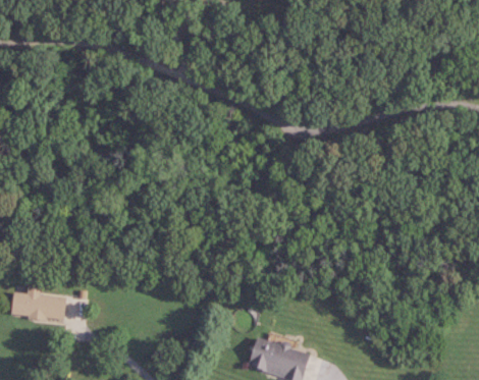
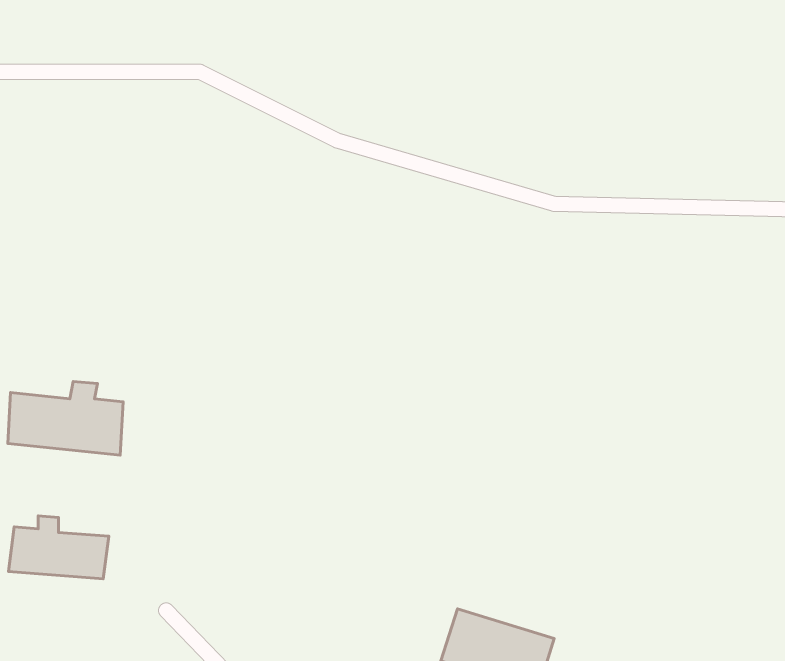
building: none -> [8,381,123,455]

